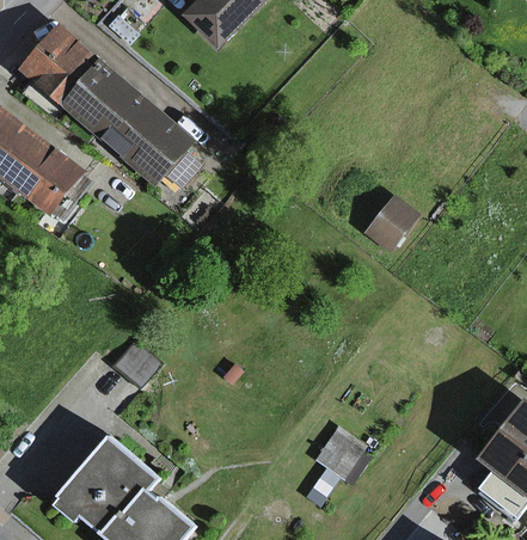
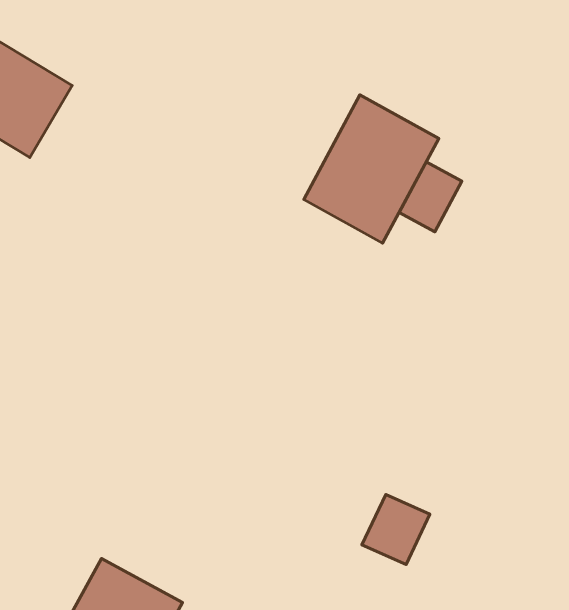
building: [114,103,198,188] -> none
building: none -> [304,95,439,243]

